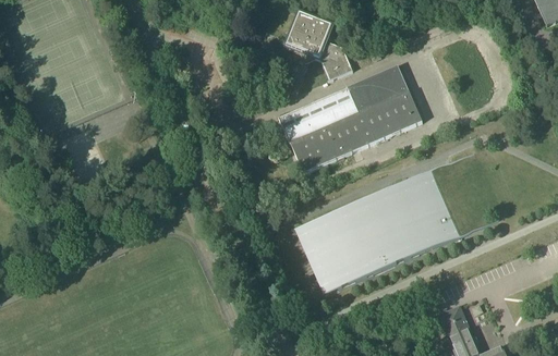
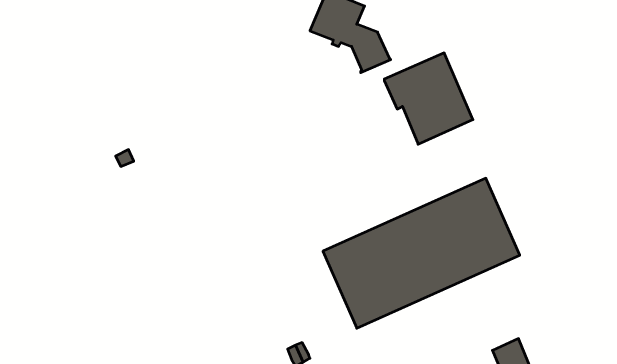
building: [278,87,375,172] -> none

